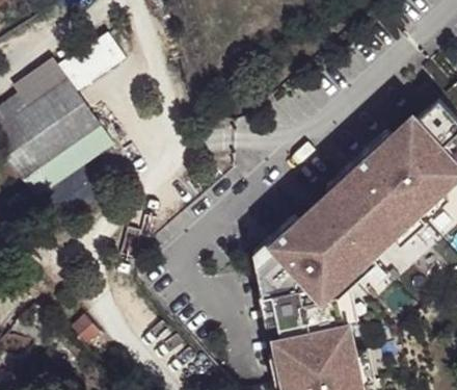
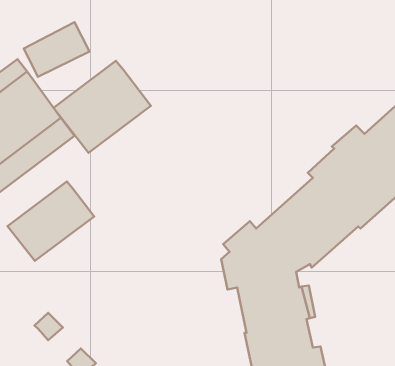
building: none -> [53,61,151,153]
building: none -> [8,181,94,261]

